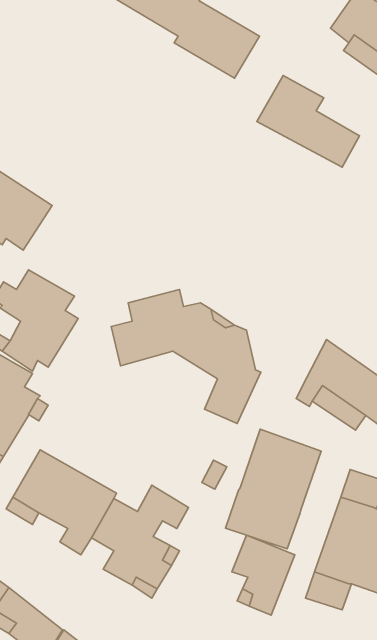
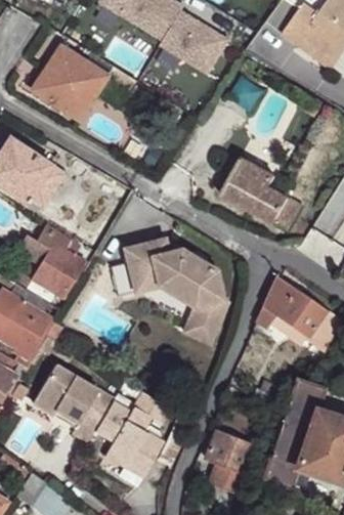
building: none -> [34,45,109,118]
building: [257,75,359,167] -> [221,158,301,229]
building: [225,429,321,549] -> none

